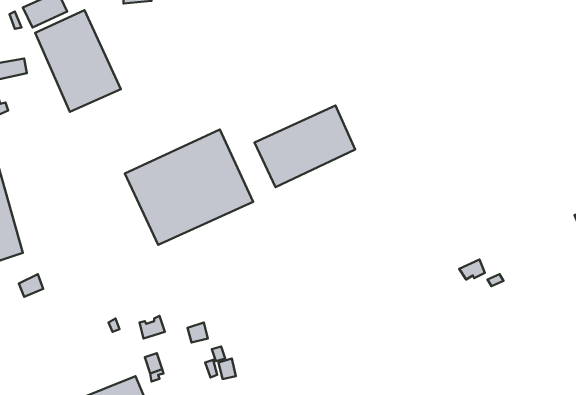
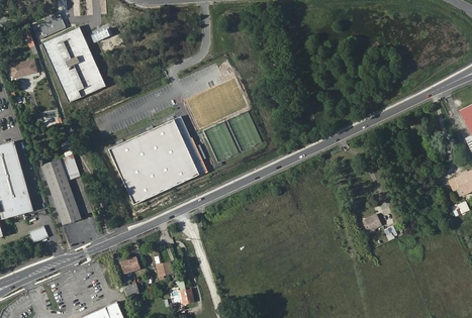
building: [255,106,355,187] -> none
building: none -> [42,156,81,226]

